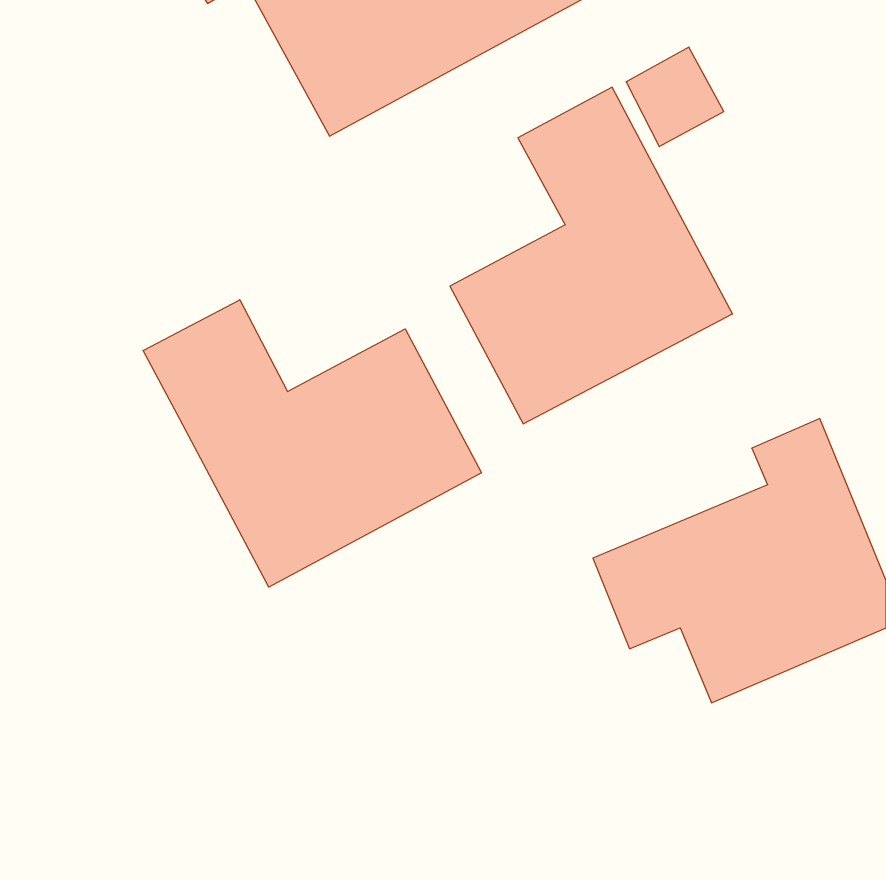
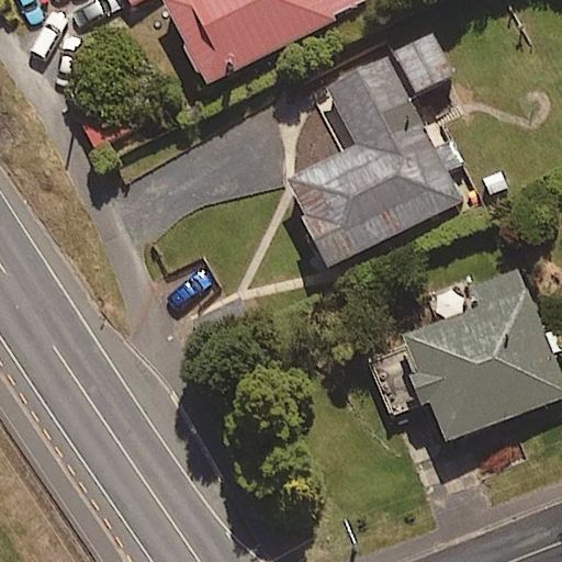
building: [143,300,481,587] -> none

